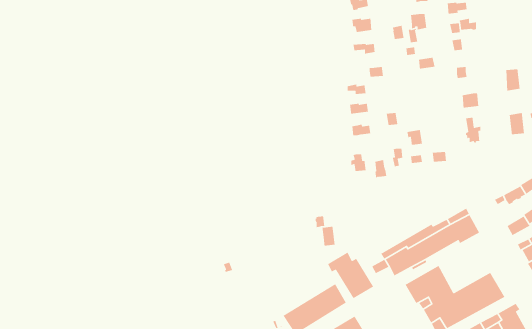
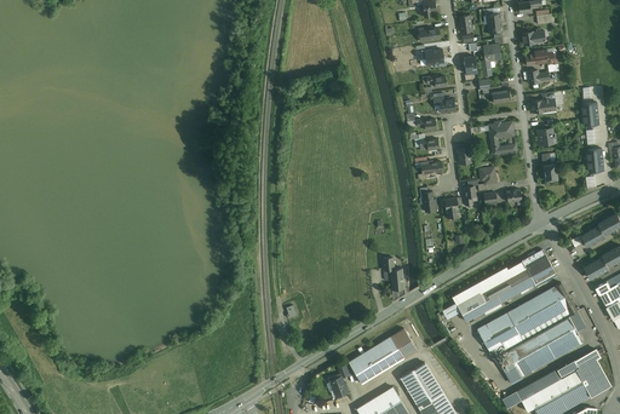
building: none -> [489,121,516,154]
building: none -> [513,282,576,338]
building: [327,251,374,299] -> none

